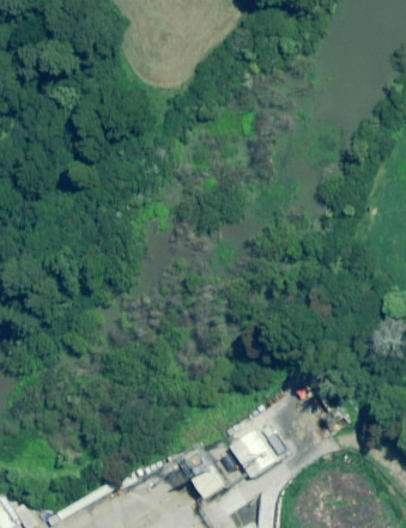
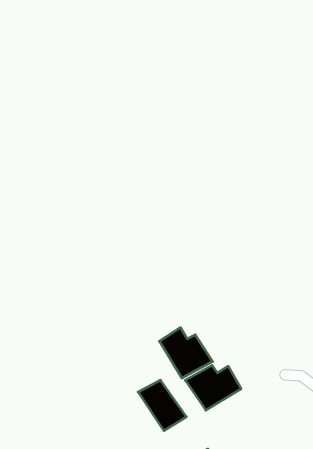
building: none -> [159,328,213,378]

